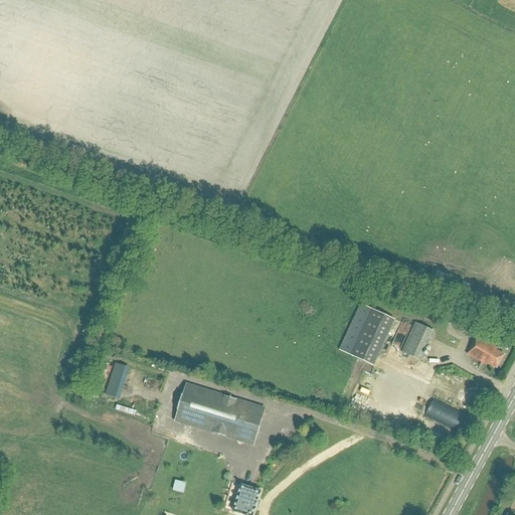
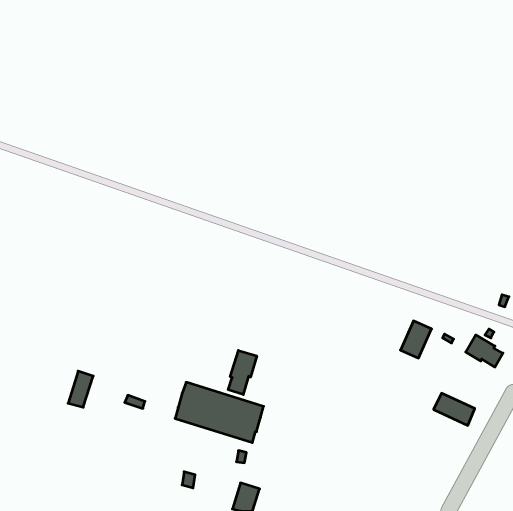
building: [338,302,393,363] -> none
building: none -> [228,350,257,395]
building: [105,361,130,397] -> [68,371,93,407]

